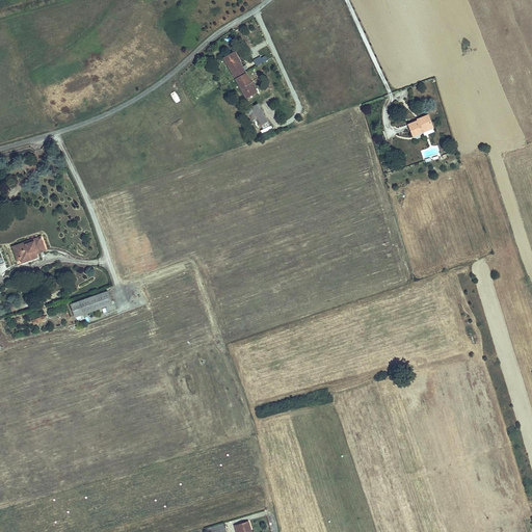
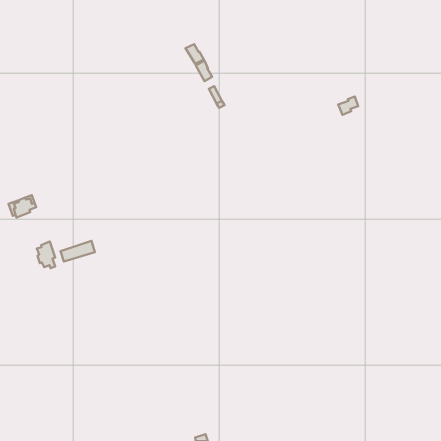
building: none -> [37,241,55,268]

